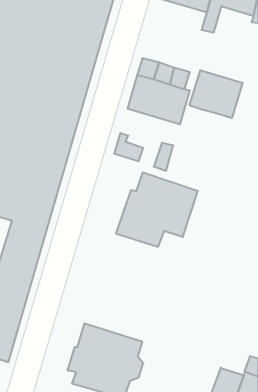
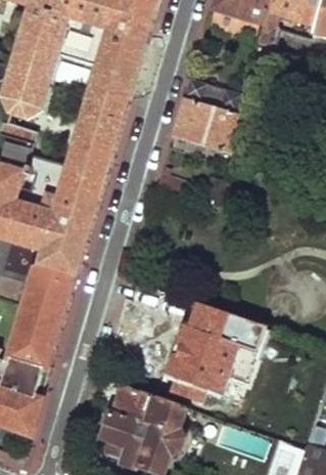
building: [190,70,243,118] -> none
building: [116,173,198,247] -> [170,304,265,390]

